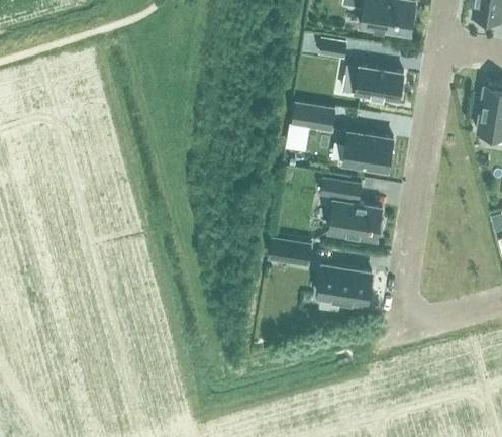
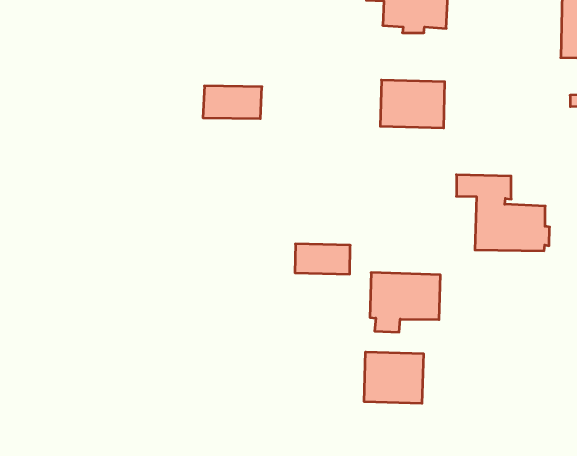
building: [291,103,335,131] -> [203,86,262,119]
building: [320,179,383,240] -> [456,175,550,251]
building: none -> [364,352,423,403]

